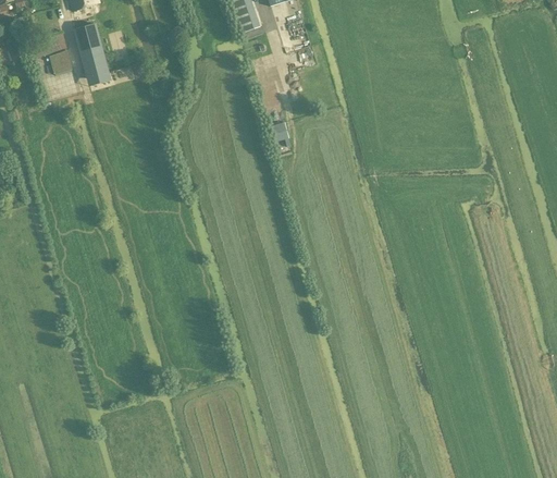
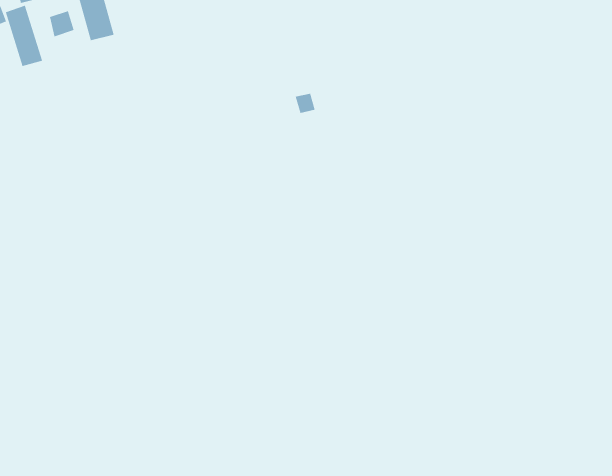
building: none -> [5,5,43,67]

